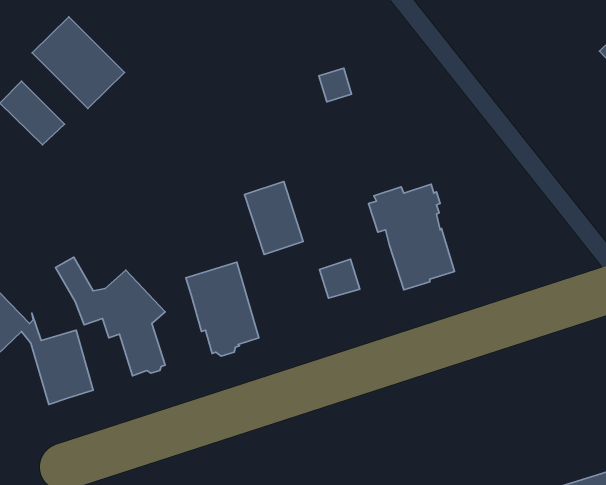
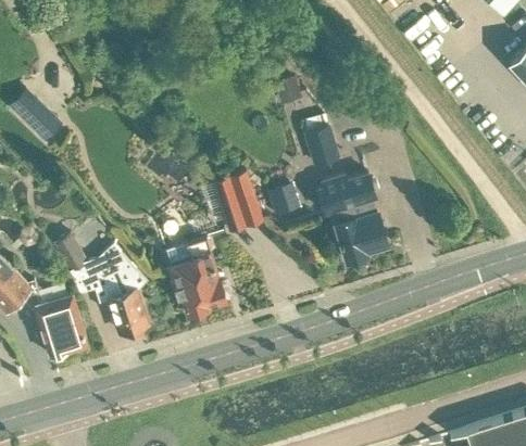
building: [32,17,125,109] -> none
building: none -> [308,128,339,167]
building: [319,259,360,298] -> [270,183,303,216]

